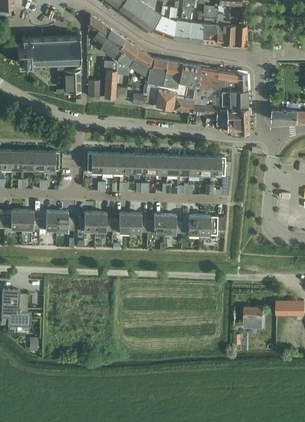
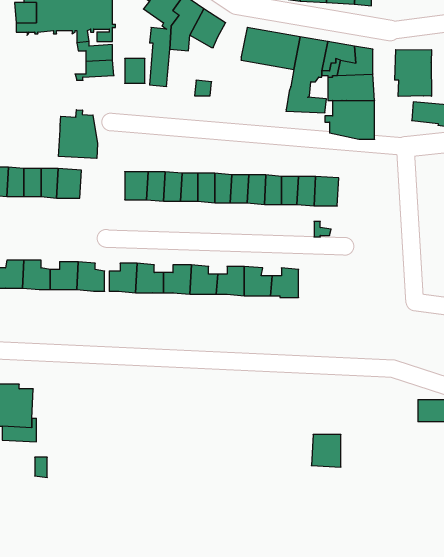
building: [146,58,166,84] -> none
building: none -> [395,50,431,96]
building: [155,92,193,114] -> none
building: none -> [59,110,98,158]
building: [199,216,224,234] -> none
building: [244,307,263,328] -> [311,435,341,467]

